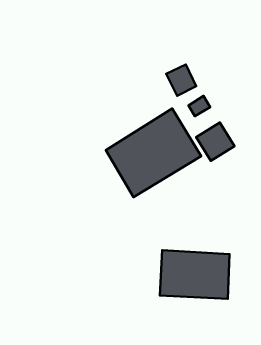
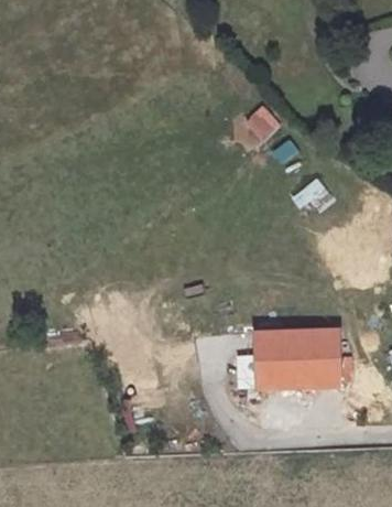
building: [106,109,201,197] -> none

